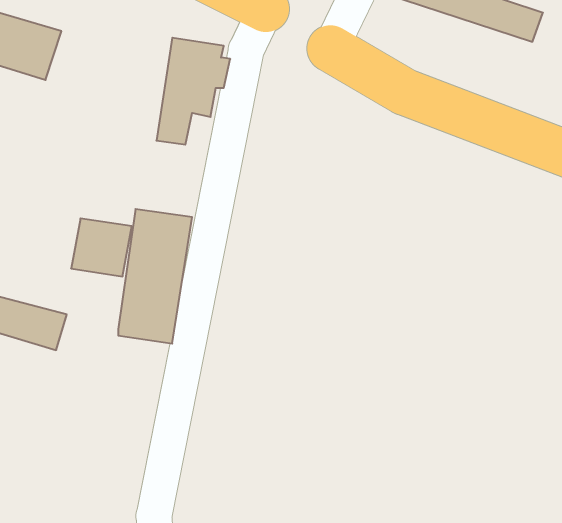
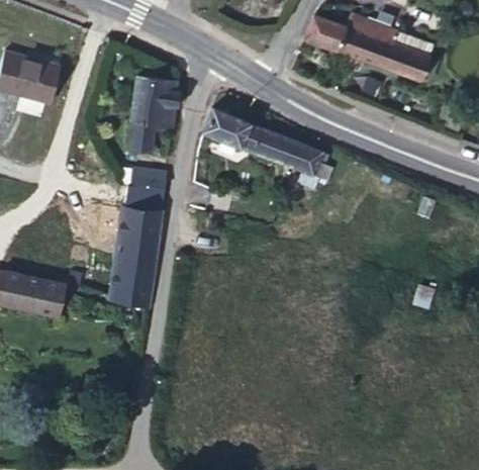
building: none -> [216,116,320,175]
building: [71,218,132,276] -> [126,162,173,206]

